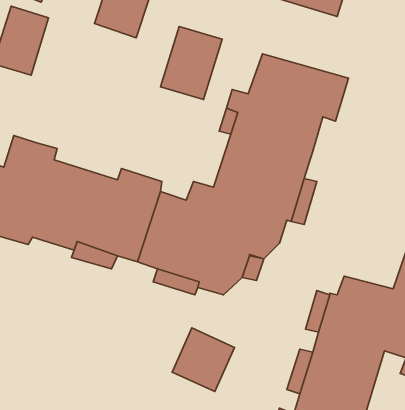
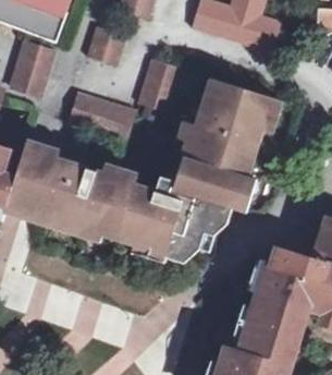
building: none -> [69,90,142,142]
building: [172,328,234,392] -> none

